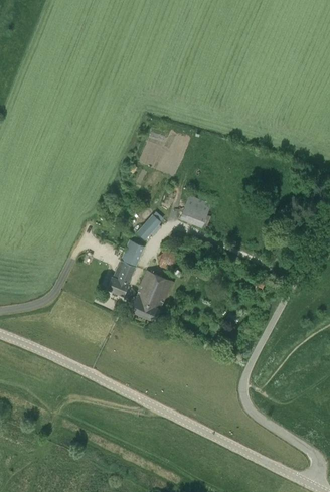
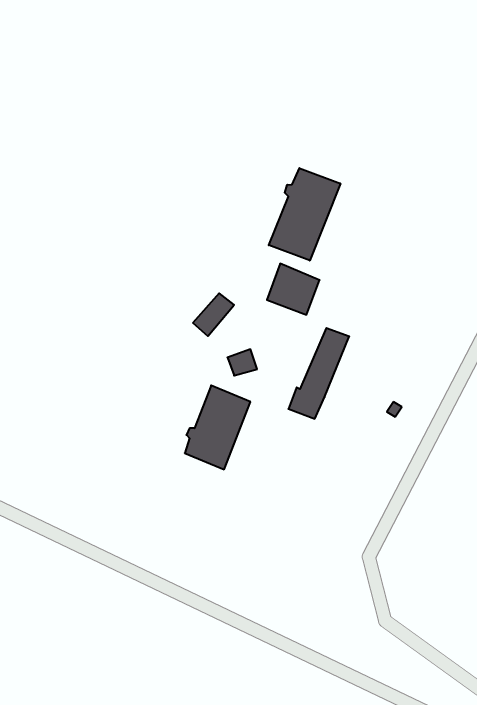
building: none -> [269,168,340,261]
building: [108,239,145,295] -> [288,328,349,419]

